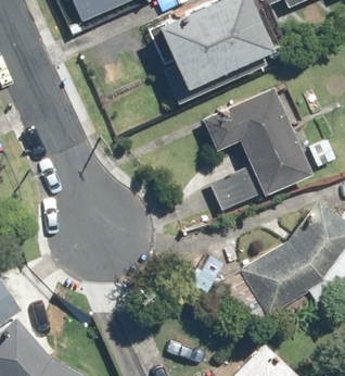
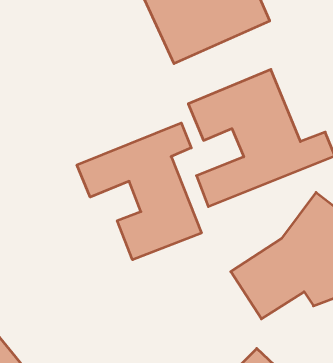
building: none -> [77,123,201,260]

